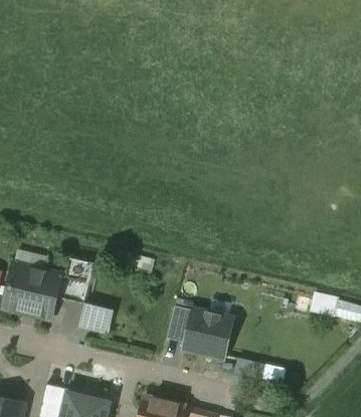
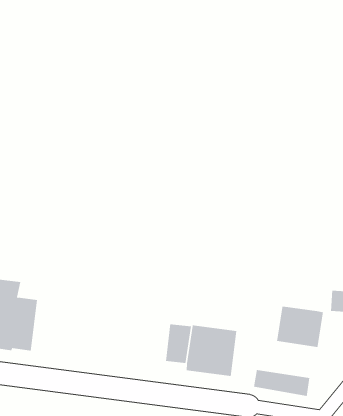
building: none -> [276,305,323,348]
building: [79,306,111,334] -> none

